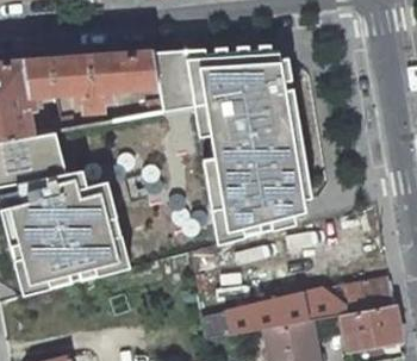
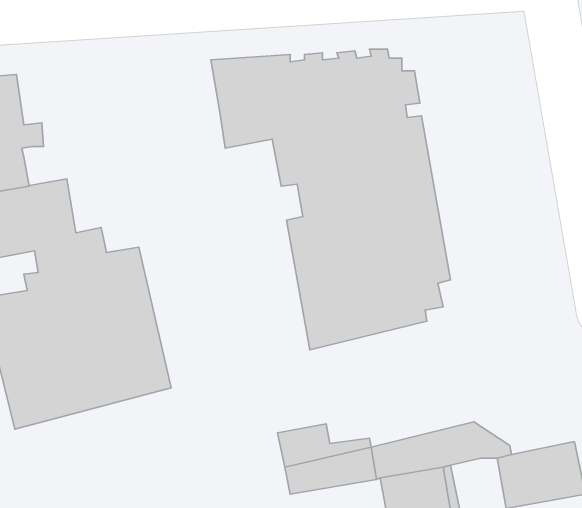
building: [24,52,158,112] -> none
building: [326,280,392,313] -> none

